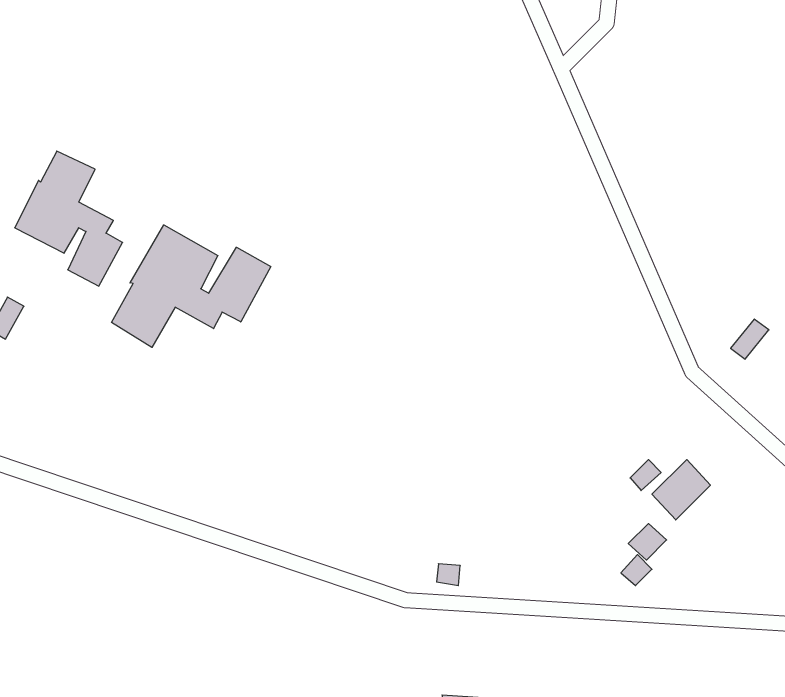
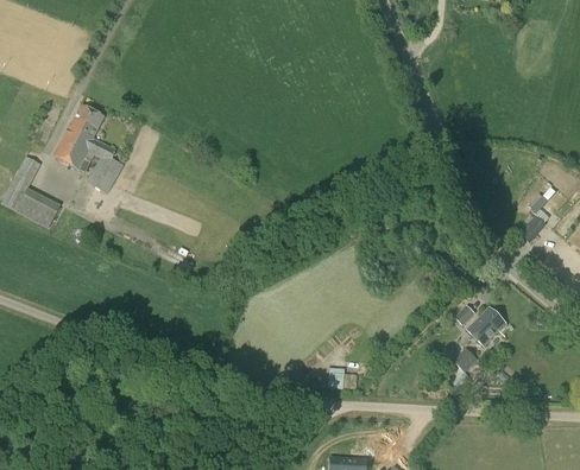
building: [112,225,271,347] -> none

